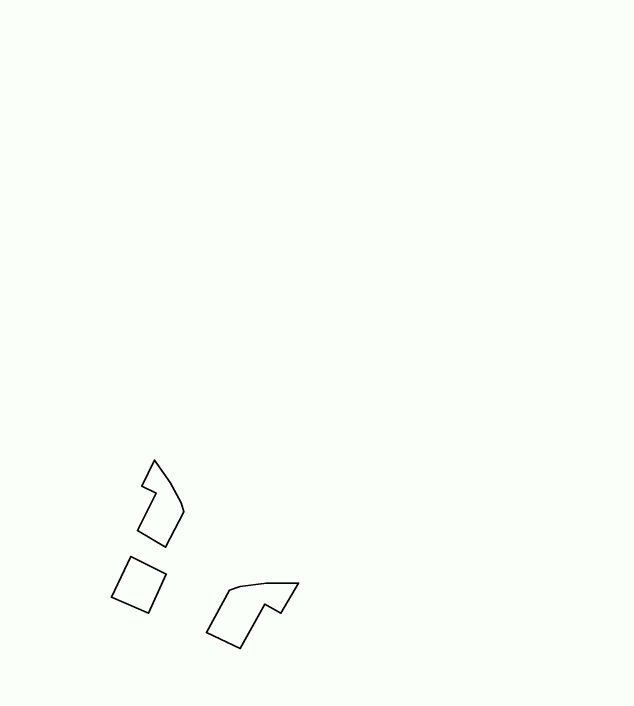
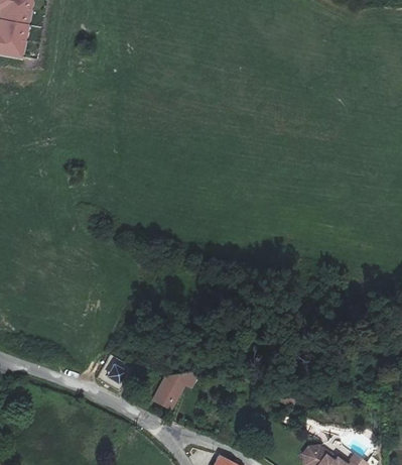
building: [137,460,184,547] -> none

